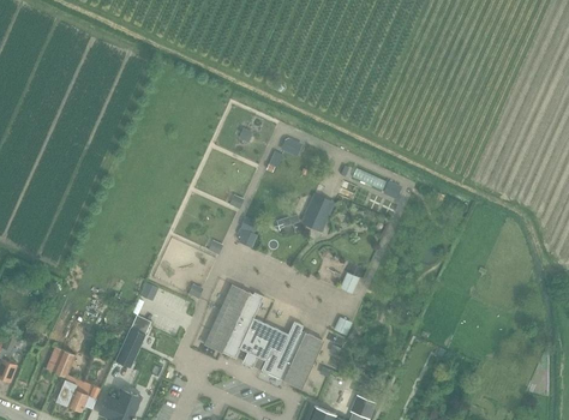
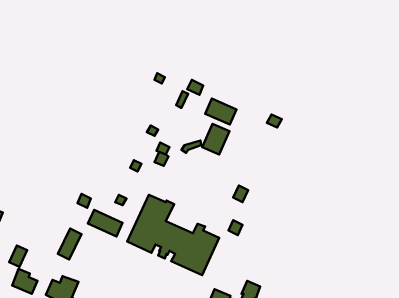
building: none -> [205,99,237,125]
building: none -> [88,210,123,236]

